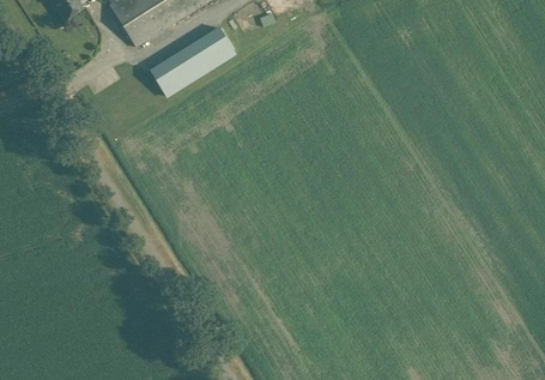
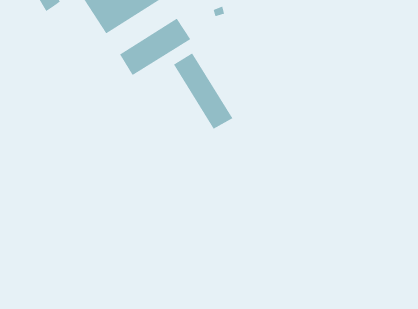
building: none -> [173,52,233,130]

